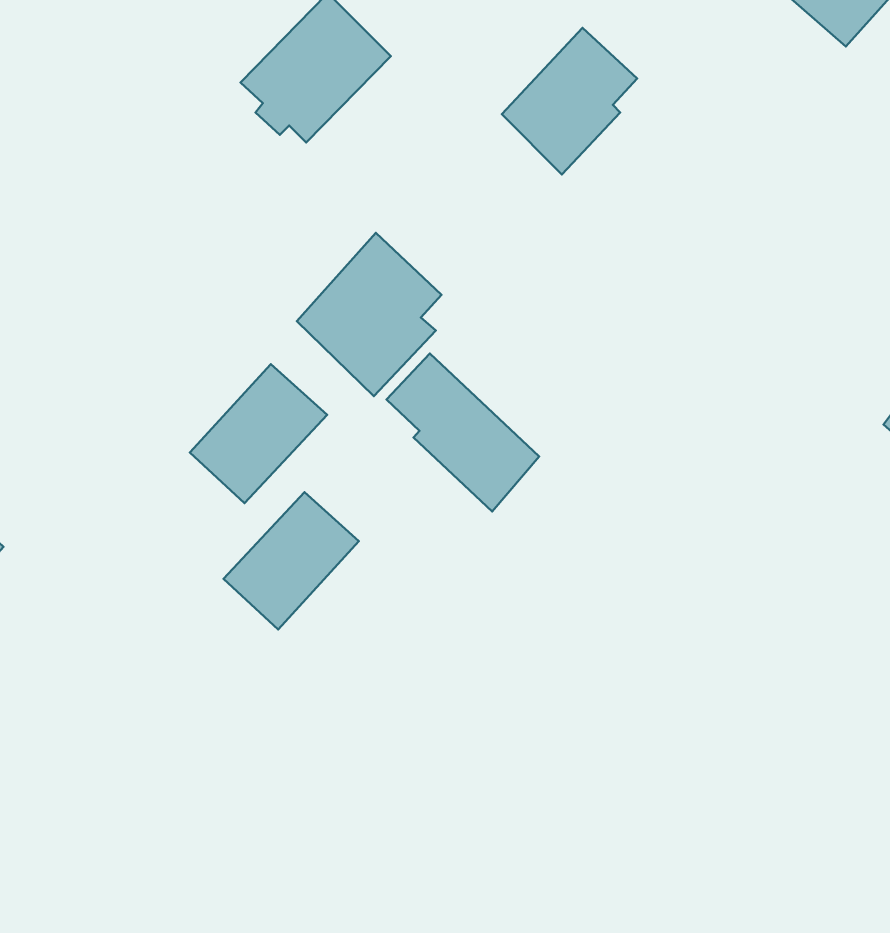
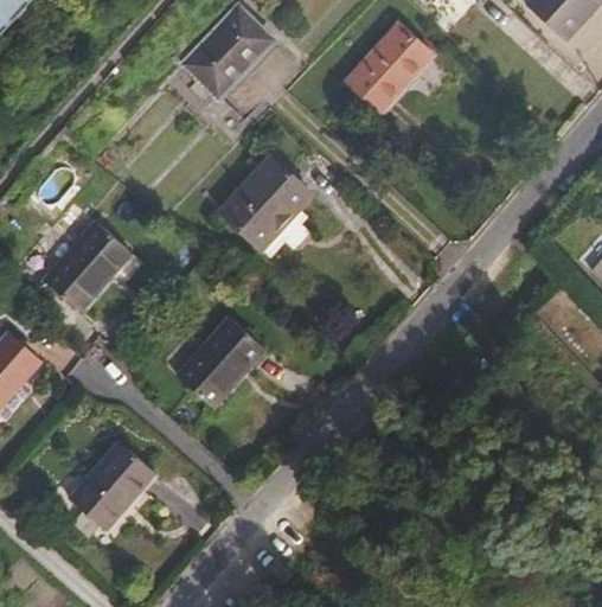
building: [386,354,539,511] -> none
building: [190,364,327,503] -> [43,219,129,307]
building: none -> [64,442,148,528]

